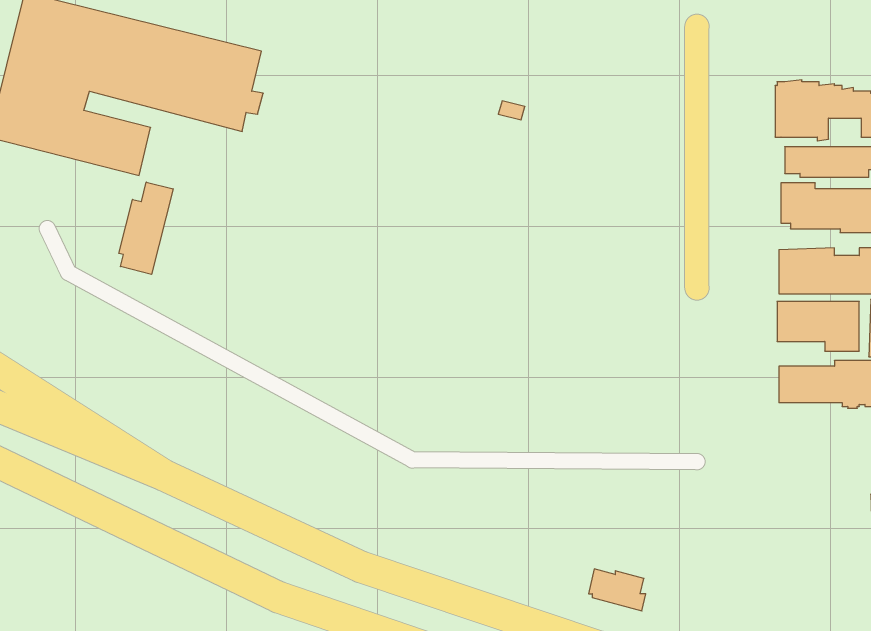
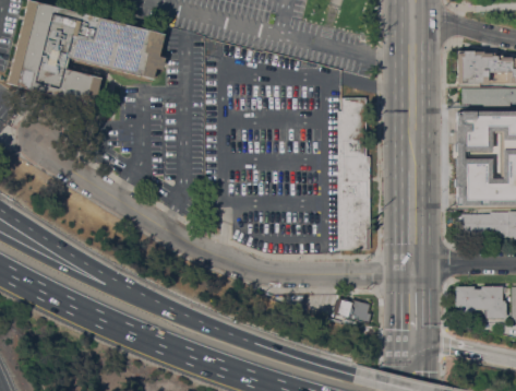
building: none -> [337,97,370,250]
building: [119,182,173,274] -> none
building: none -> [456,286,506,318]
building: [589,569,646,611] -> [338,299,371,323]

